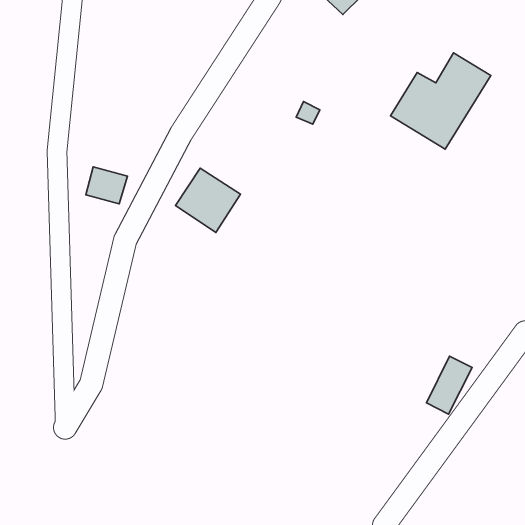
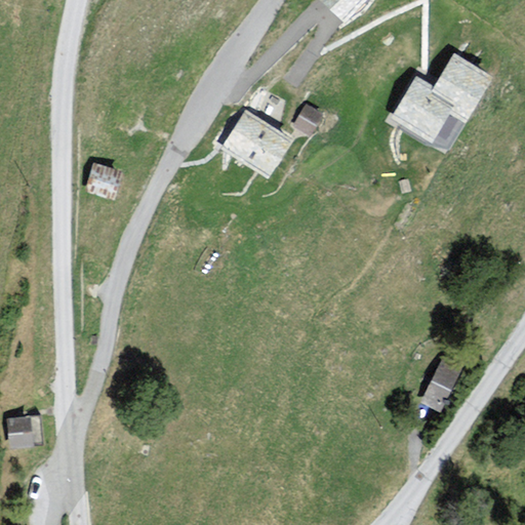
building: [175,168,241,232] -> [234,118,298,181]
building: none -> [8,413,40,447]

